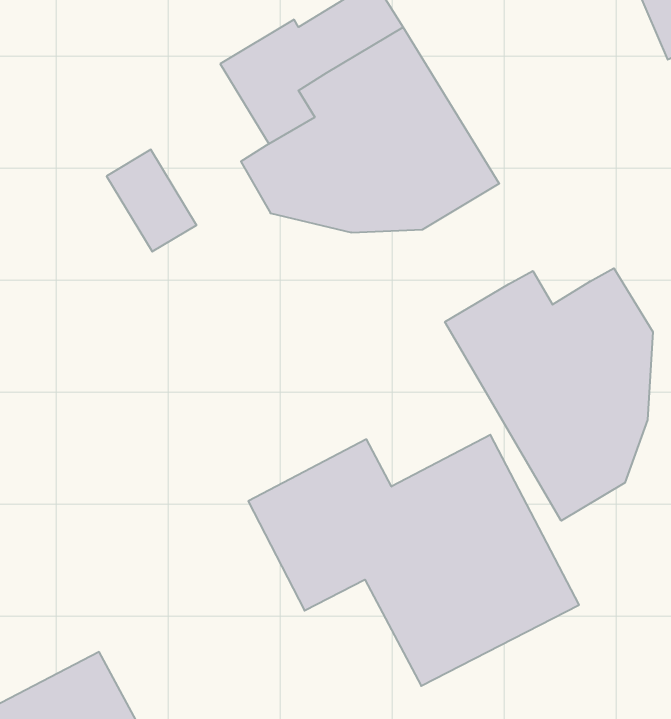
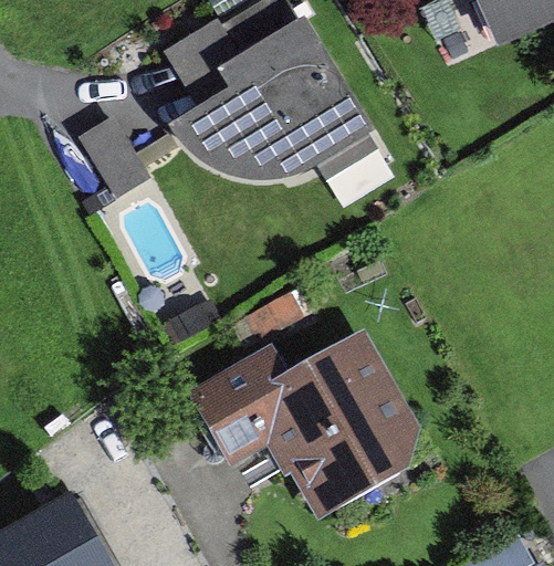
building: [445,268,653,521] -> none

